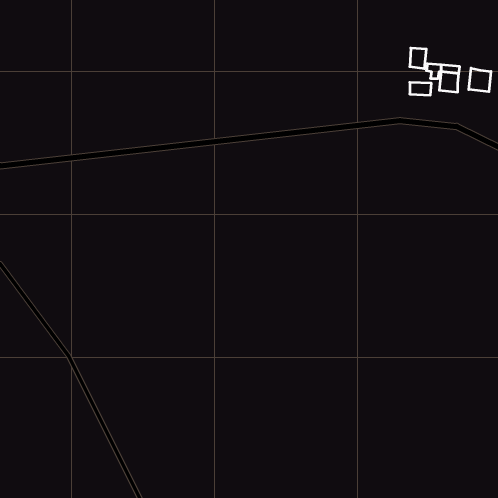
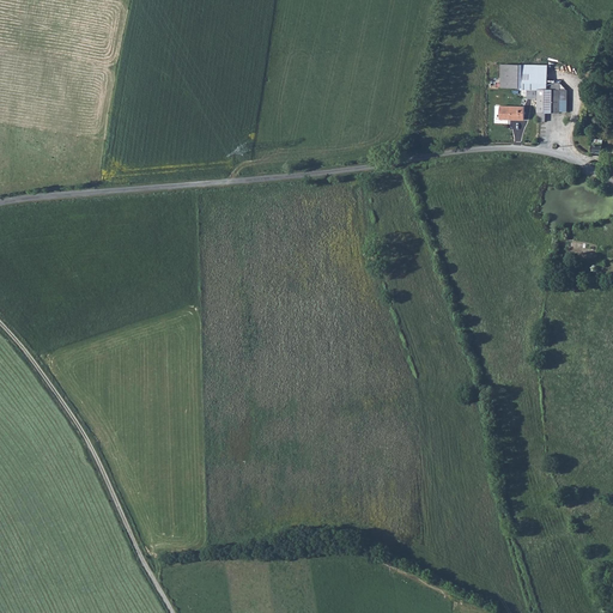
building: [469,68,491,92] -> none

